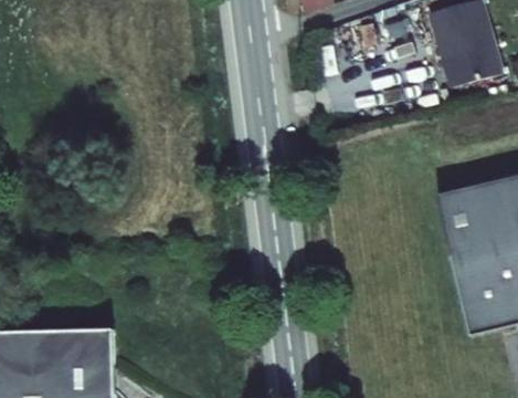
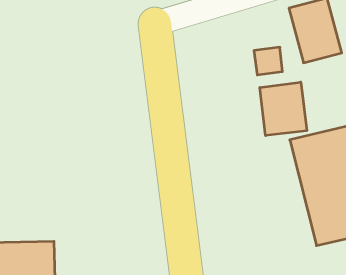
building: none -> [260,82,307,136]

